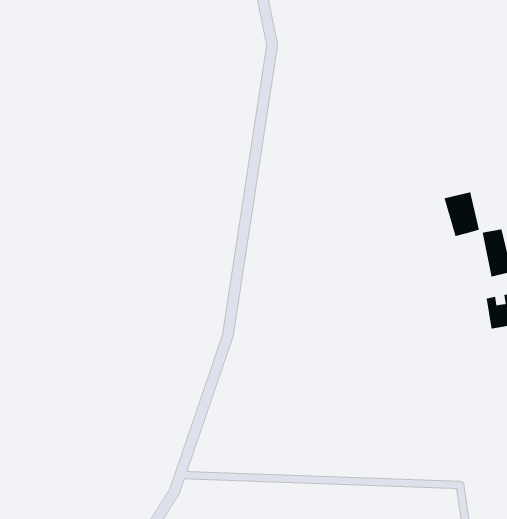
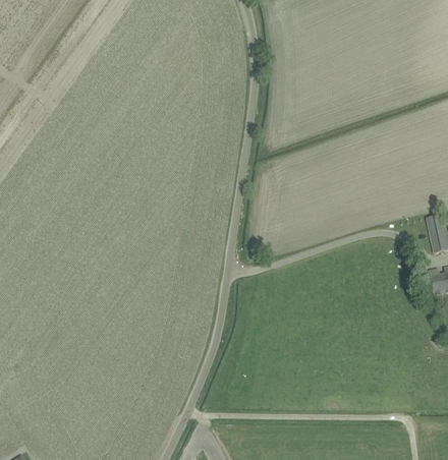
building: [444,192,480,237] -> none

